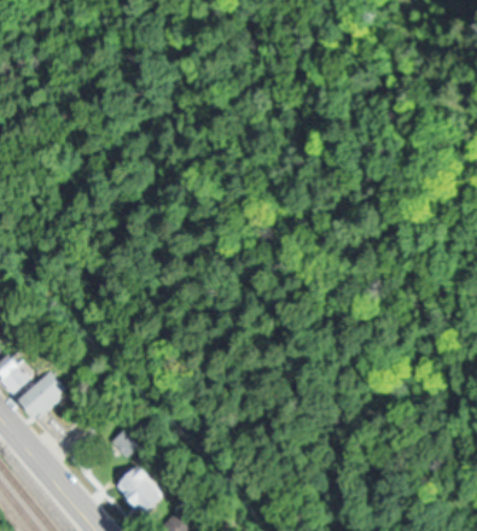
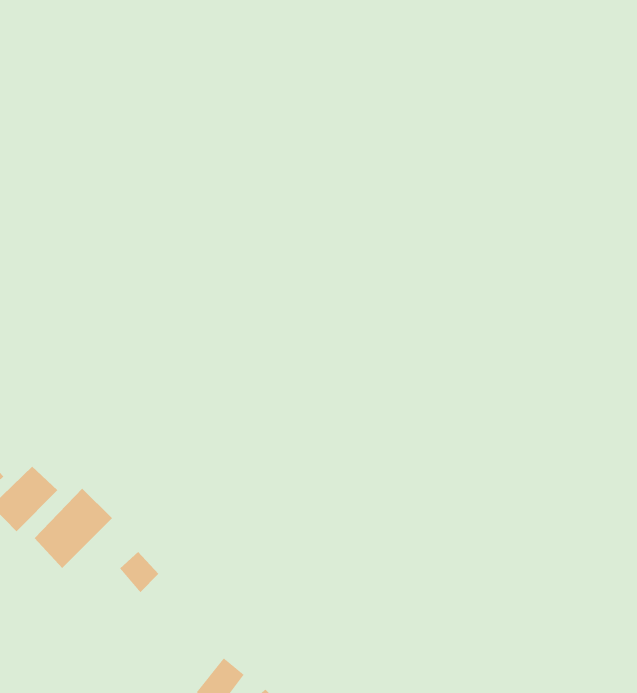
building: none -> [34,488,113,569]
building: [116,468,164,517] -> none

